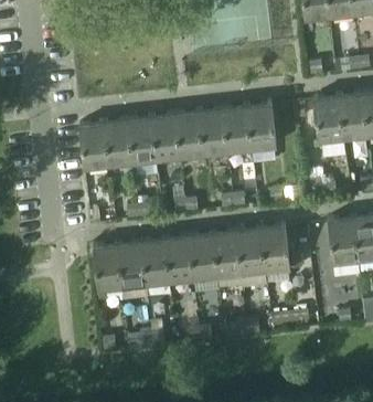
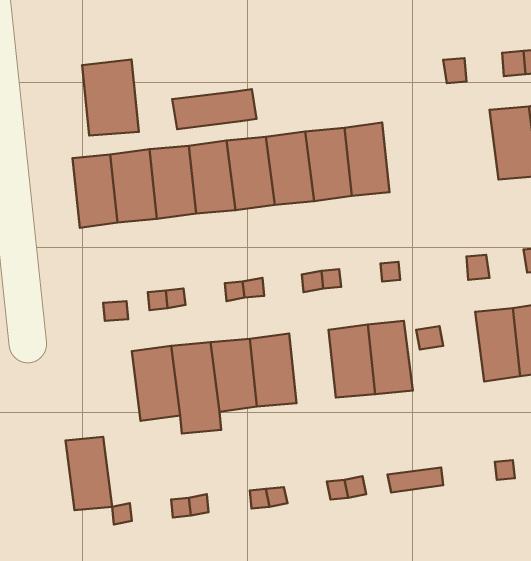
building: none -> [82,60,139,135]
building: none -> [172,89,257,129]
building: [315,96,343,159] -> none
building: [213,232,242,277] -> none
building: [93,245,121,290] -> [65,437,112,510]

